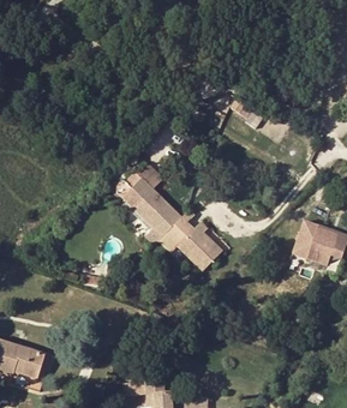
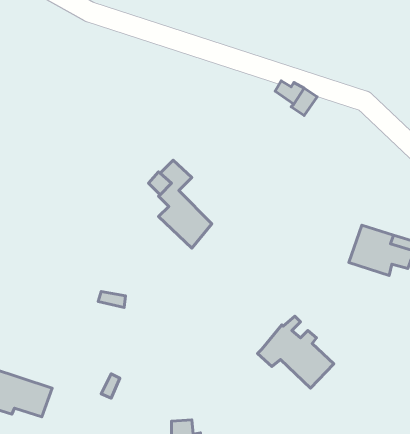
building: [157,211,221,271] -> [257,316,334,388]

